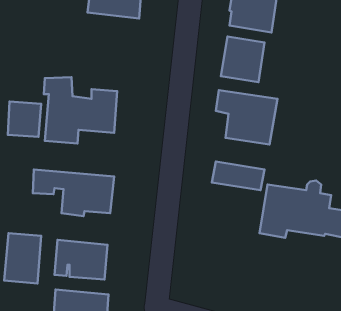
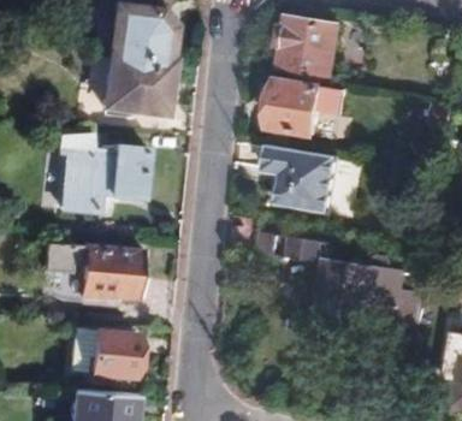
building: none -> [99,53,173,115]
building: [8,101,41,137] -> none
building: [4,233,41,283] -> none

